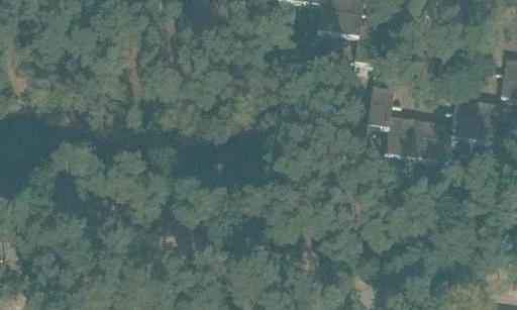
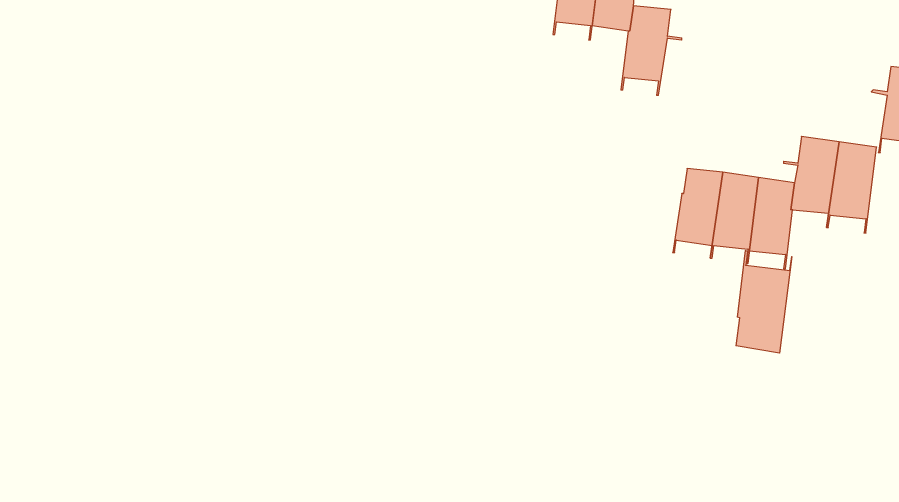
building: [366,87,400,135] -> none
building: none -> [736,251,792,353]

